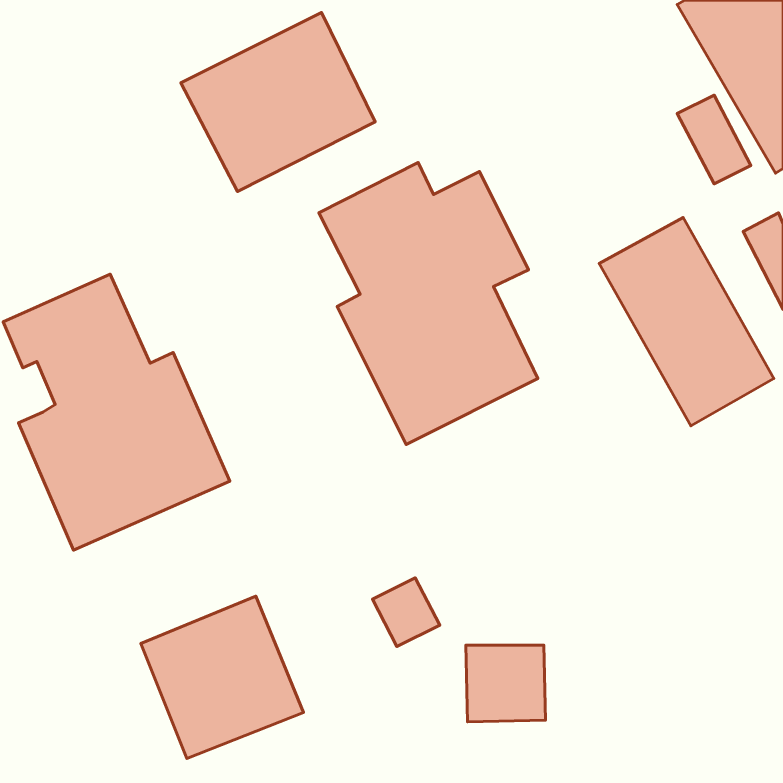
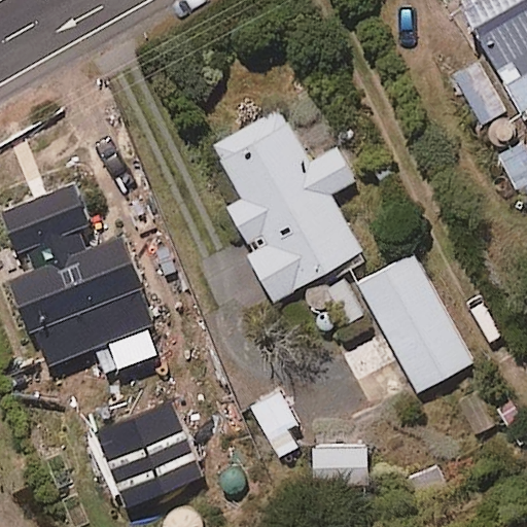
building: [181,12,375,192] -> none
building: [599,218,774,426] -> [355,253,472,393]

